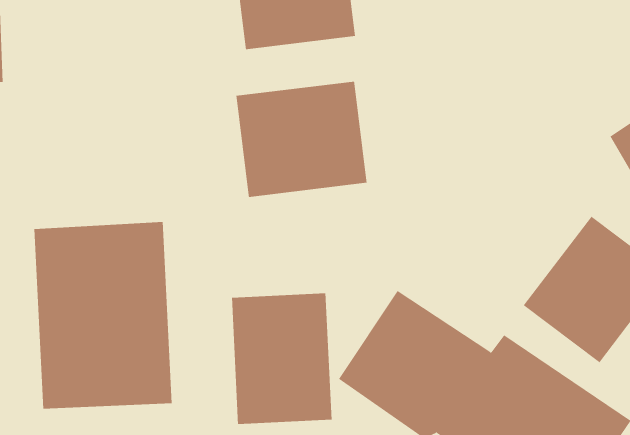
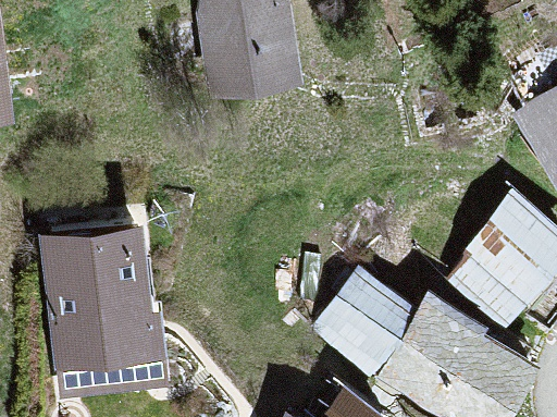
building: [236,81,367,198] -> none
building: [231,293,332,425] -> none

